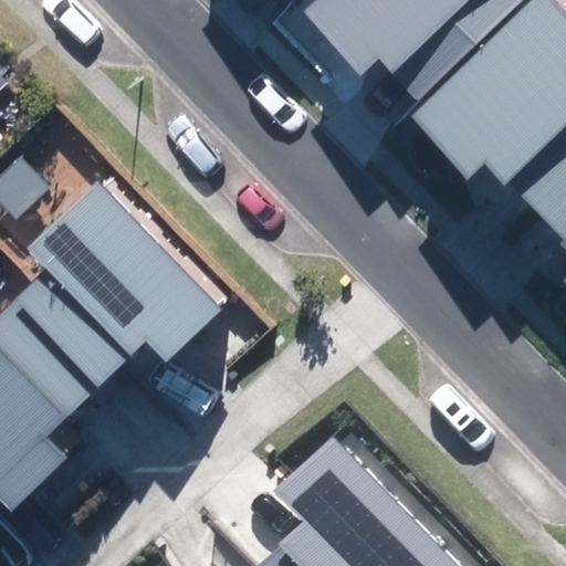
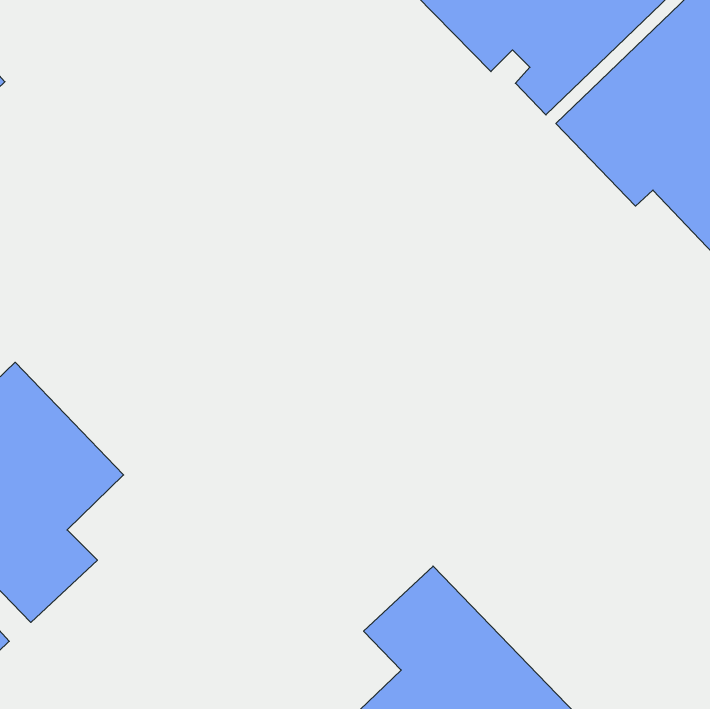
building: [24,178,223,371] -> none

